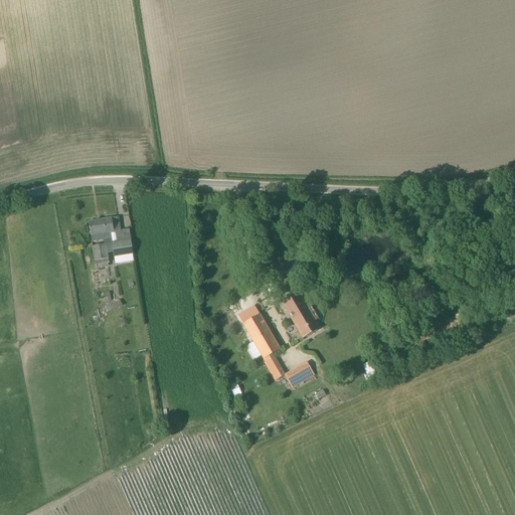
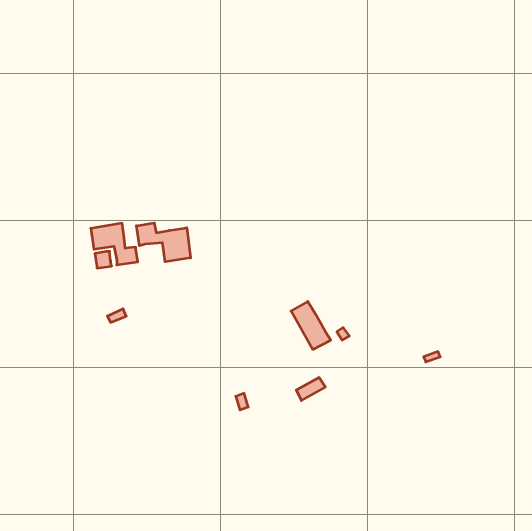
building: none -> [136,223,191,262]
building: [238,306,284,376] -> none

